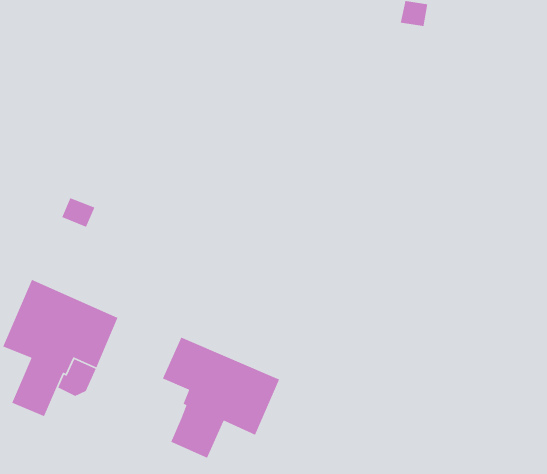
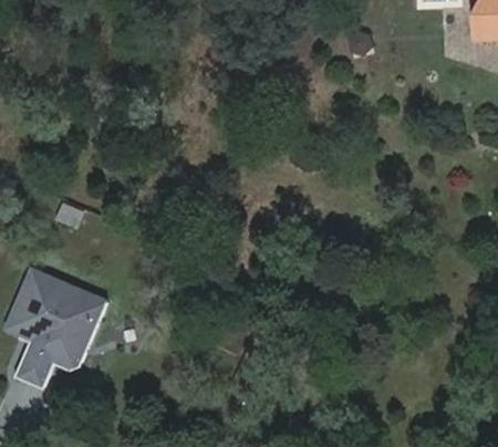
building: [162,336,280,459] -> none

